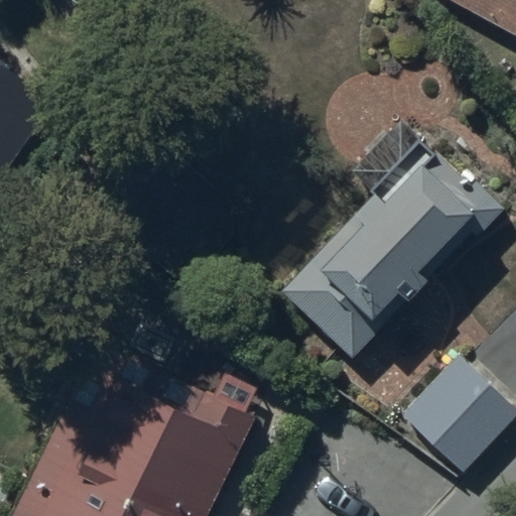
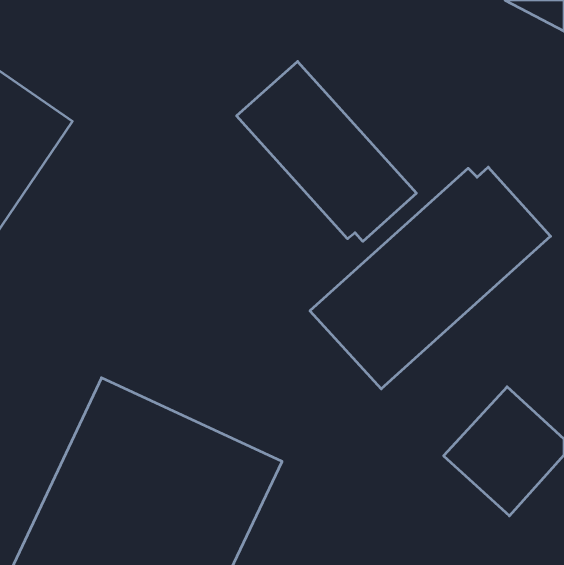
building: none -> [237,61,416,241]

